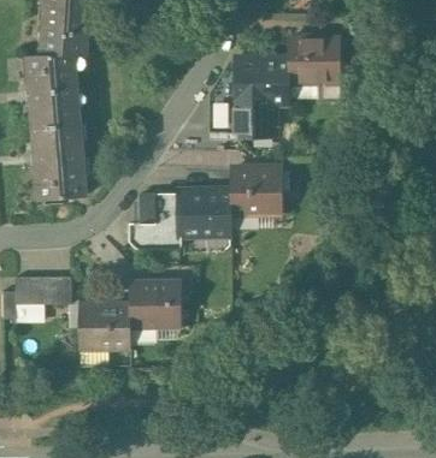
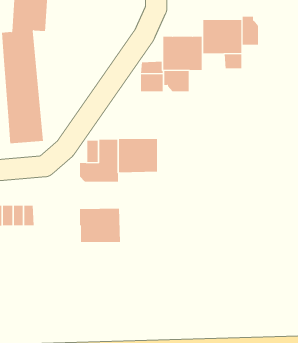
building: none -> [242,16,259,45]
building: [231,171,282,215] -> none
building: [79,305,130,350] -> none

